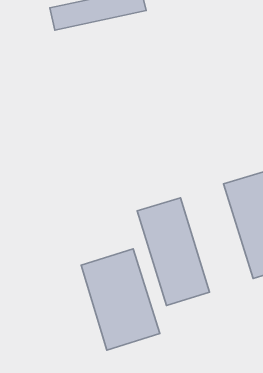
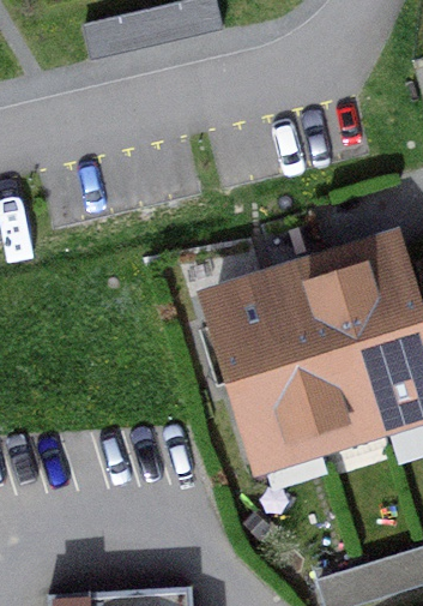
building: none -> [274,274,380,432]
building: [81,249,160,350] -> none

